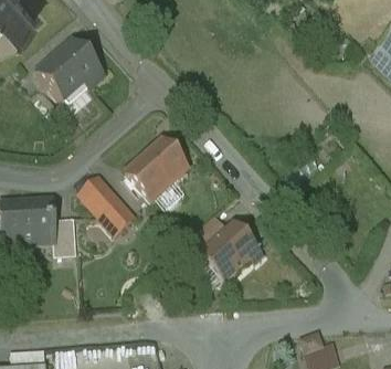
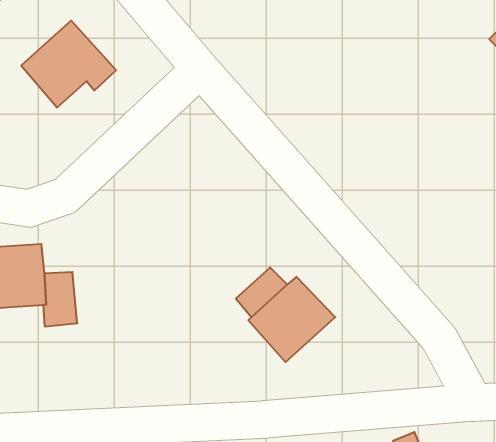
building: [125,145,187,207] -> none
building: [80,183,134,240] -> none

